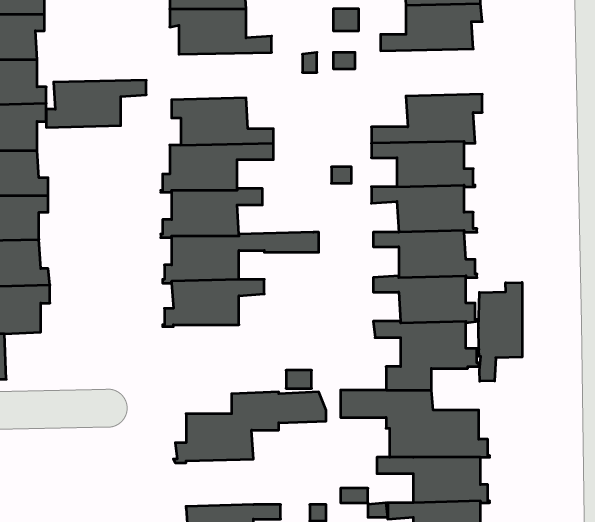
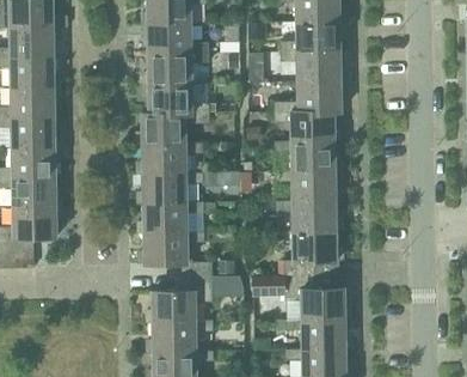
building: none -> [279,50,346,81]
building: [46,80,146,127] -> [142,53,208,84]
building: [479,282,522,381] -> none
building: none -> [137,231,213,278]
building: none -> [145,321,213,353]

